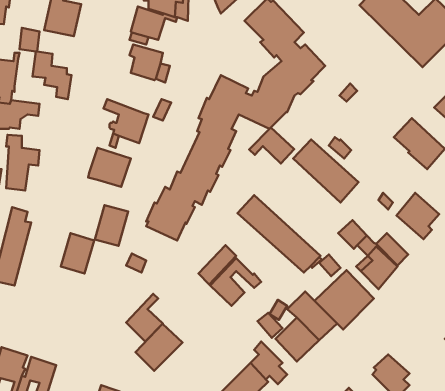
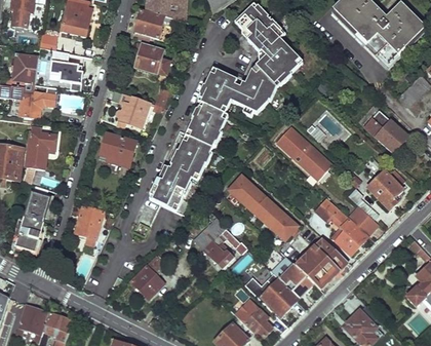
building: [249,127,294,164] -> none
building: [95,205,128,246] -> none
building: [135,324,182,371] -> none

